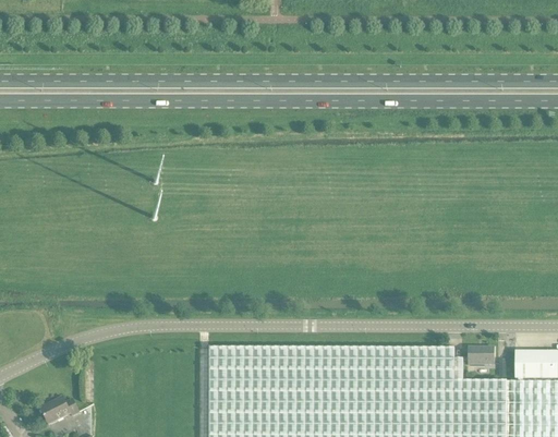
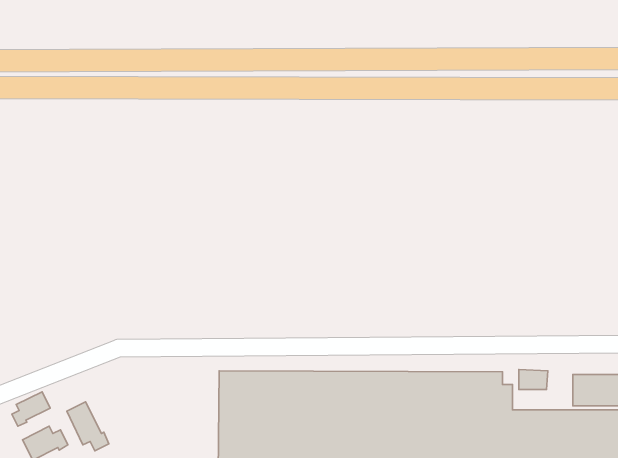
building: none -> [12,392,50,426]
building: none -> [67,402,109,451]

